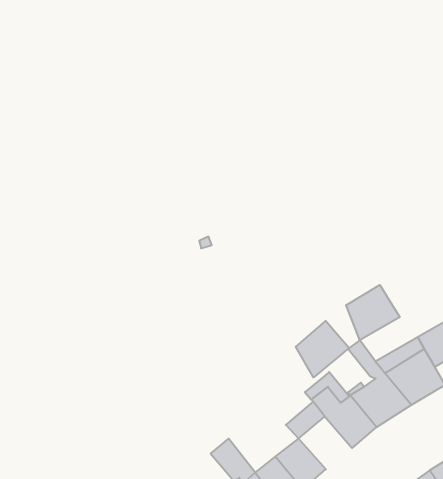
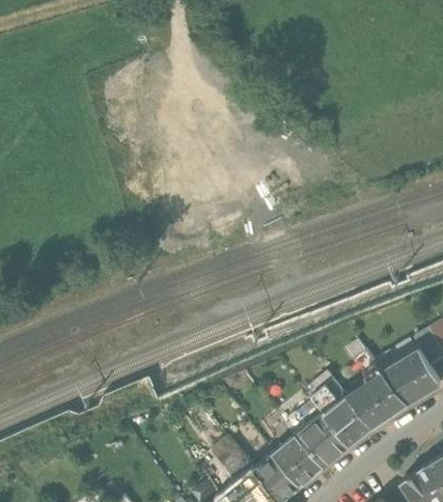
building: [346,285,400,340] -> none
building: [296,321,349,377] -> none
building: none -> [298,416,351,468]

